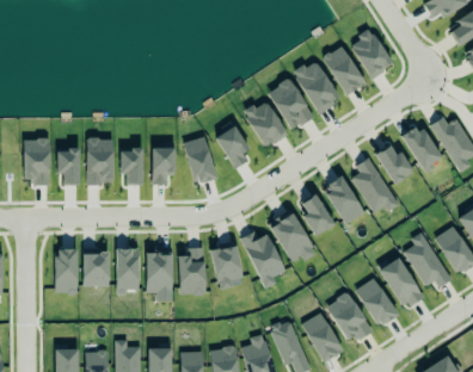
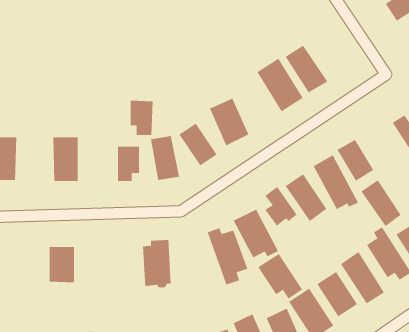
building: [350,29,393,79] -> none
building: [268,79,313,131] -> none
building: [400,124,442,172] -> [360,180,402,227]
building: [56,149,80,185] -> none
building: [119,149,143,185] -> [130,100,153,135]
building: [209,243,244,291] -> none
building: [145,248,170,298] -> none
building: [55,249,78,294] -> none
building: [116,249,139,294] -> none
building: none -> [258,253,303,299]

